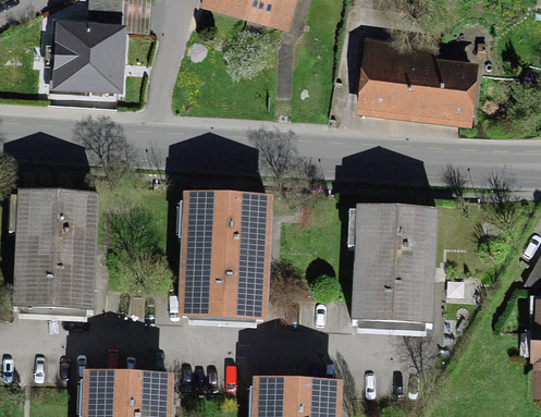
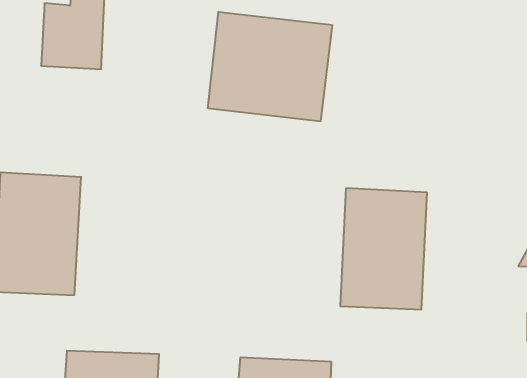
building: none -> [208,12,332,121]
building: [362,48,470,116] -> none
building: [176,189,272,320] -> none

